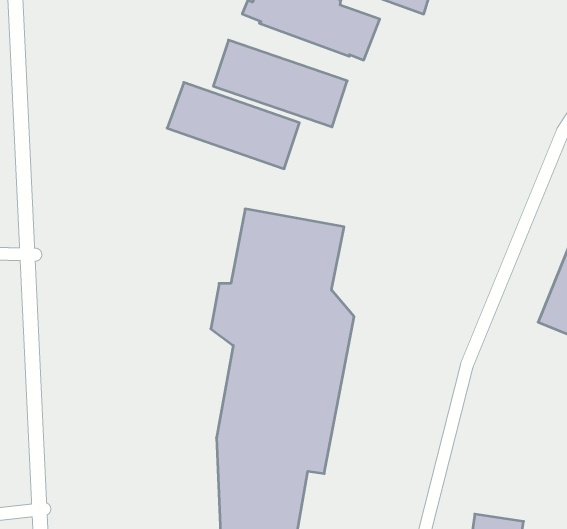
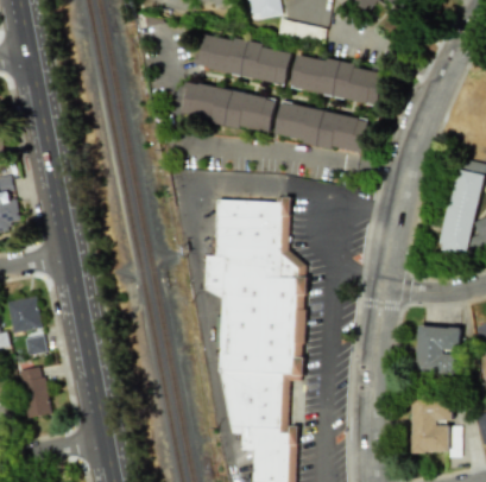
building: none -> [291,52,385,102]
building: [167,82,299,169] -> [273,102,367,153]
building: none -> [416,326,461,374]

